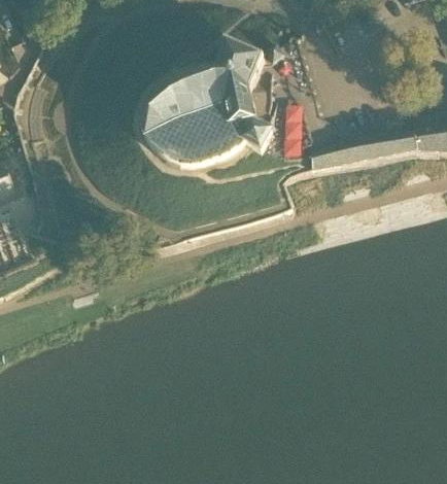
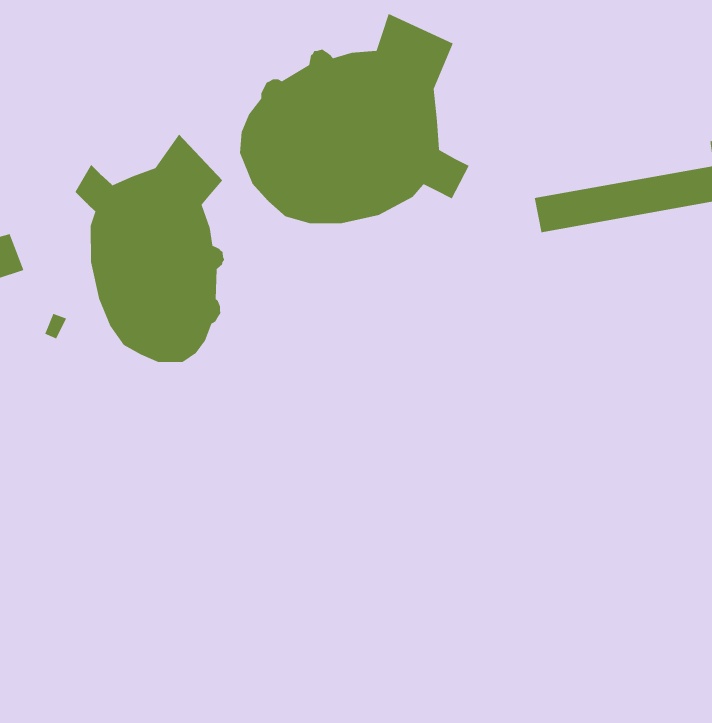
building: none -> [75,133,225,363]

